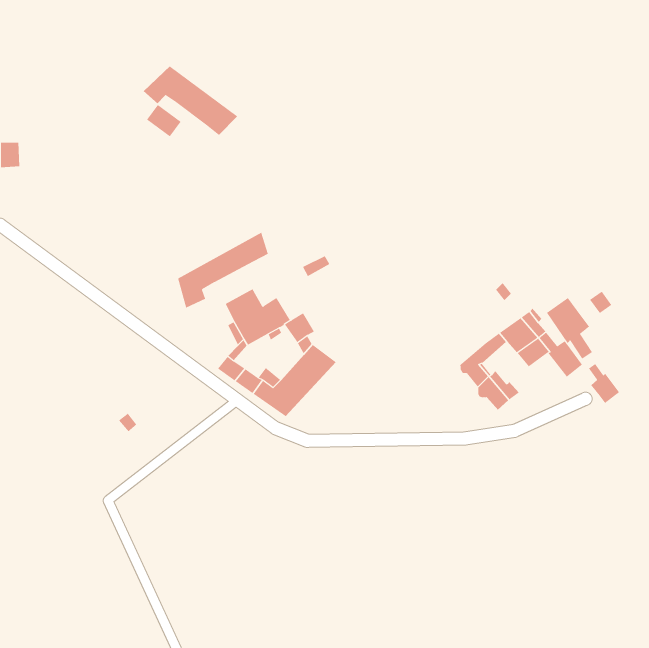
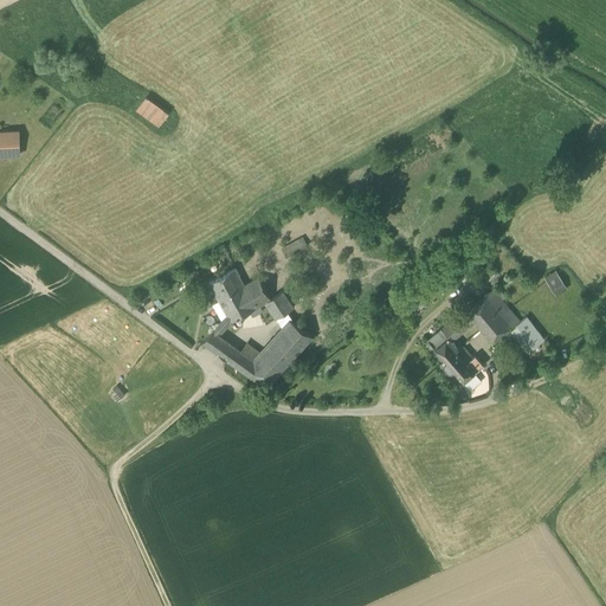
building: [143,66,238,136] -> none
building: [177,232,269,309] -> none
building: [546,297,593,360] -> none
building: [588,363,620,404] -> none

